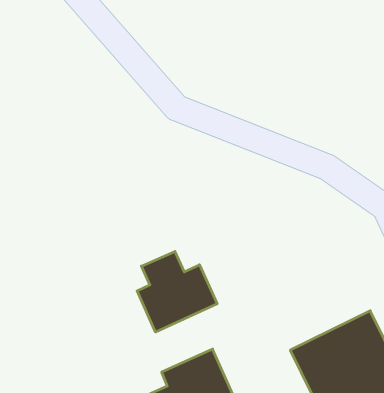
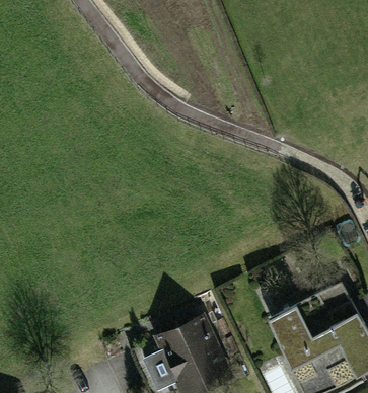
building: [137,251,217,332] -> none

